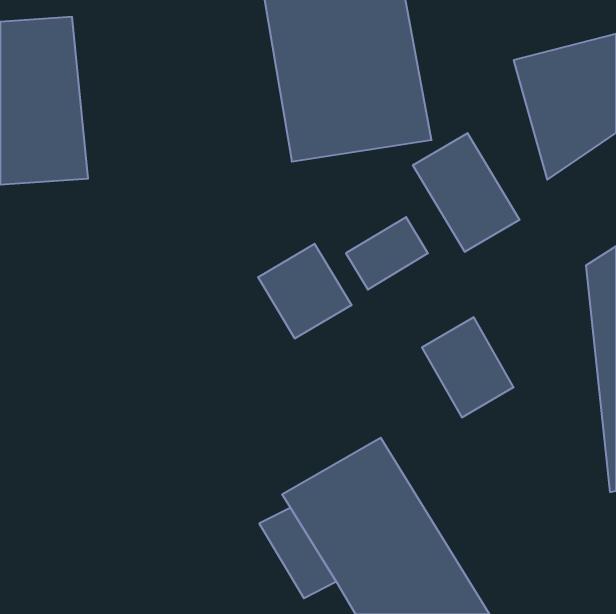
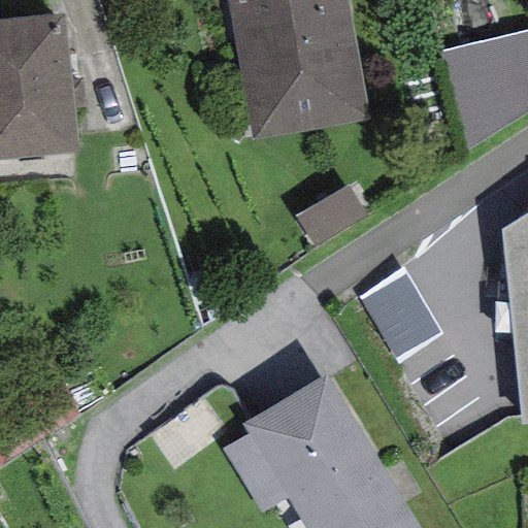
building: [413,133,520,252] -> none
building: [258,244,352,339] -> none

